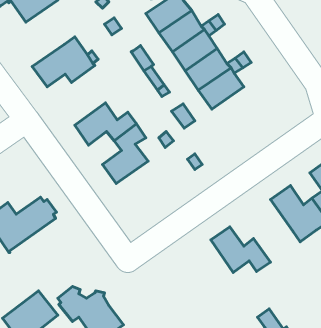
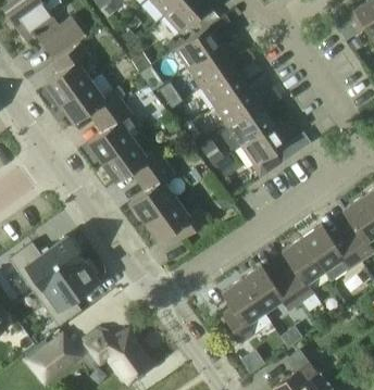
building: none -> [46,43,91,103]
building: none -> [88,102,142,163]
building: none -> [242,124,289,178]
building: none -> [145,200,208,242]
building: none -> [282,239,325,303]
building: none -> [35,259,100,326]
building: none -> [222,280,264,344]

